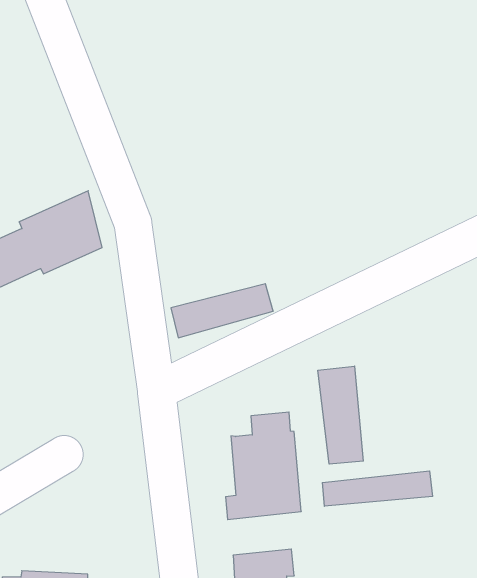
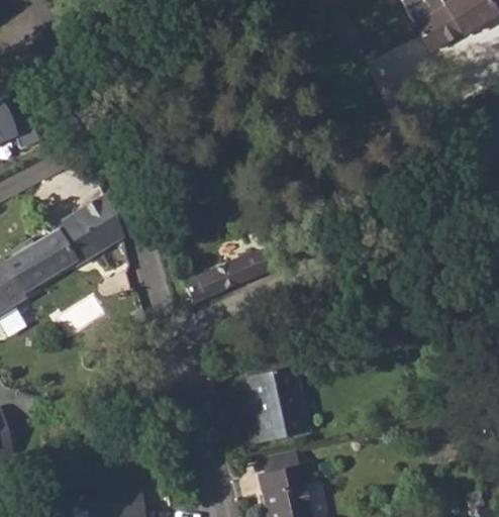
building: [318,366,363,464] -> none
building: [322,471,433,506] -> none

